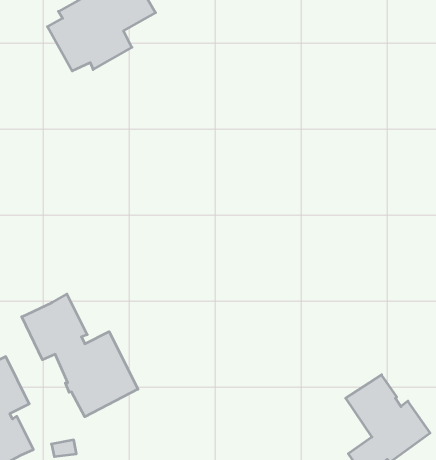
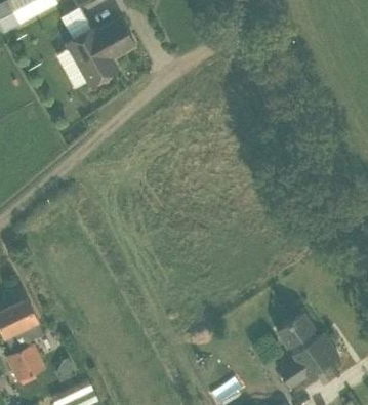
building: [22,294,138,417] -> none

